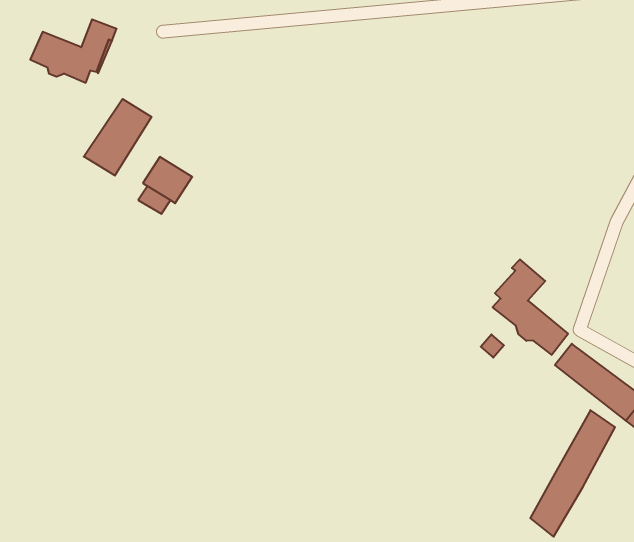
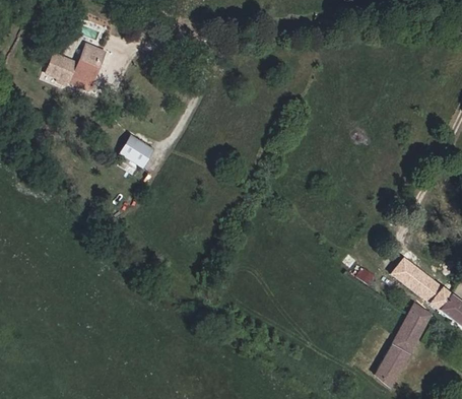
building: [84,99,151,176] -> none
building: [493,259,568,355] -> none

